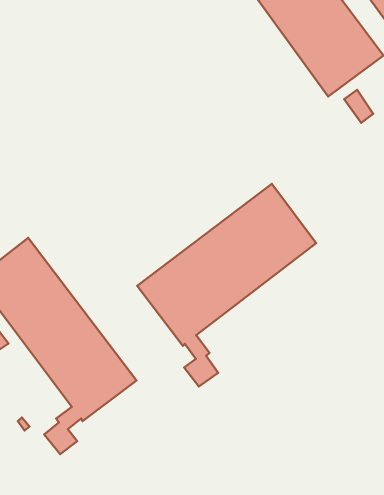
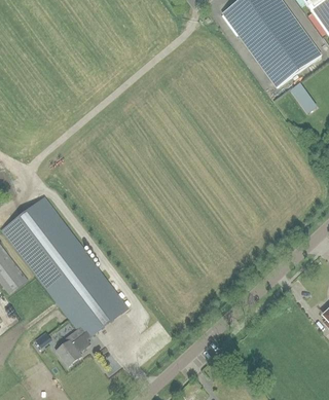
building: [137,184,316,387] -> none

